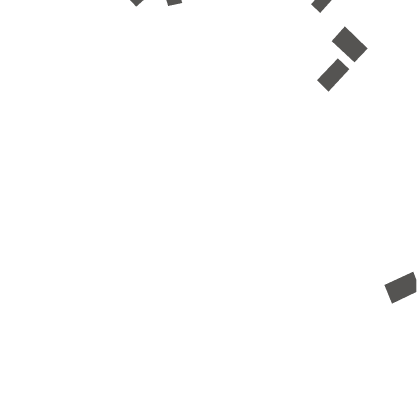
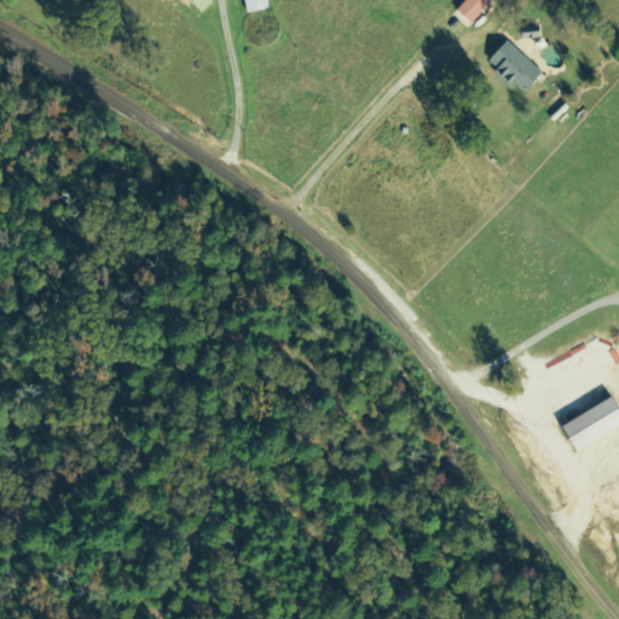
building: [316,57,350,92] -> none

